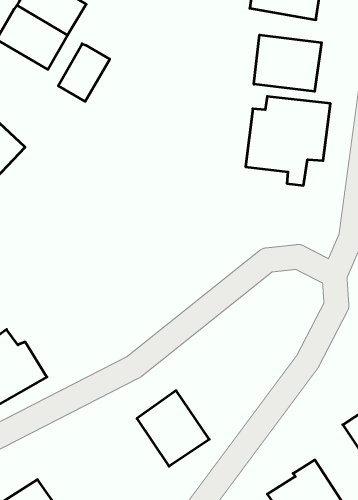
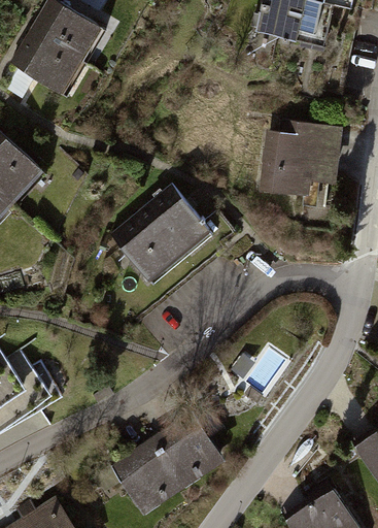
building: [254,35,322,91] -> none
building: [58,44,110,101] -> none
building: none -> [110,184,211,283]
building: none -> [111,440,183,515]

